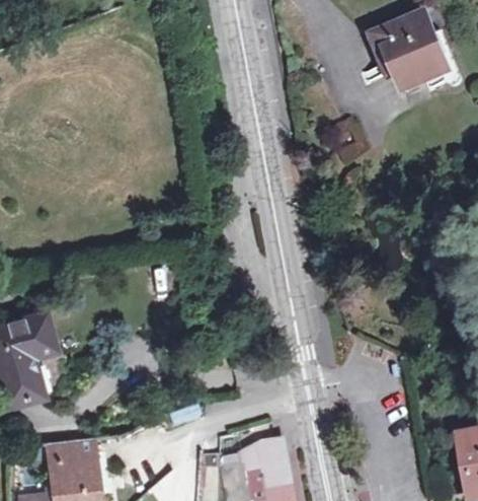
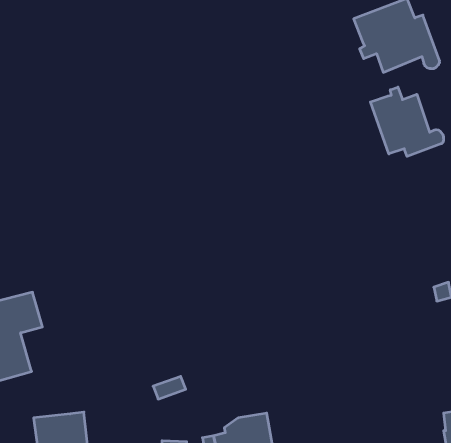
building: none -> [370,87,443,156]

